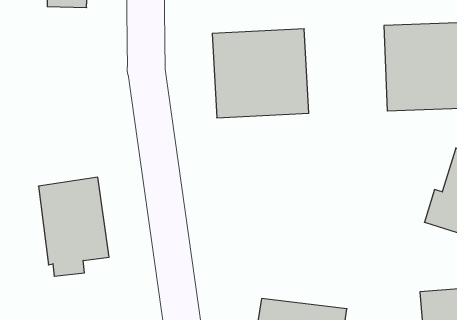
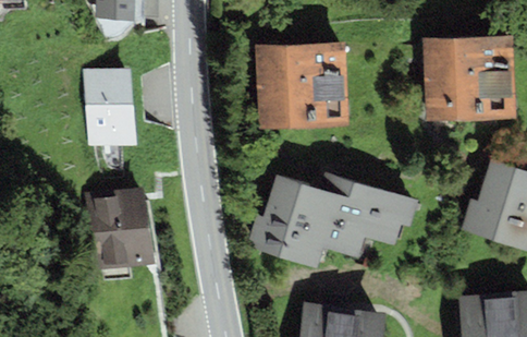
building: none -> [83,67,136,146]
building: none -> [246,170,419,268]

